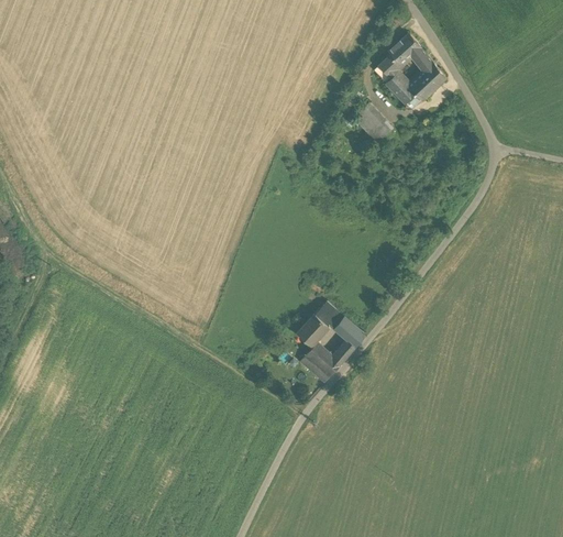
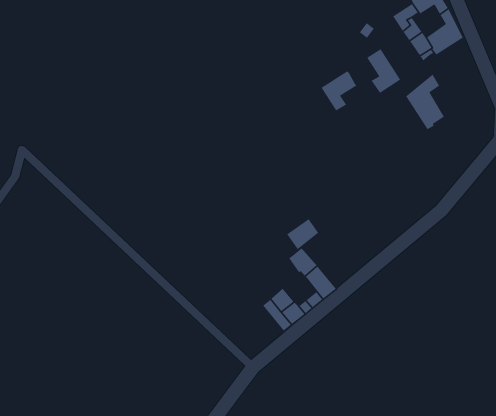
building: none -> [405,74,445,130]
building: none -> [321,70,358,111]
building: [297,314,328,346] -> [286,218,319,250]

